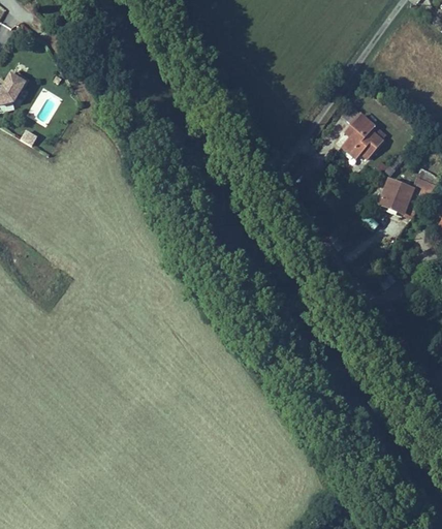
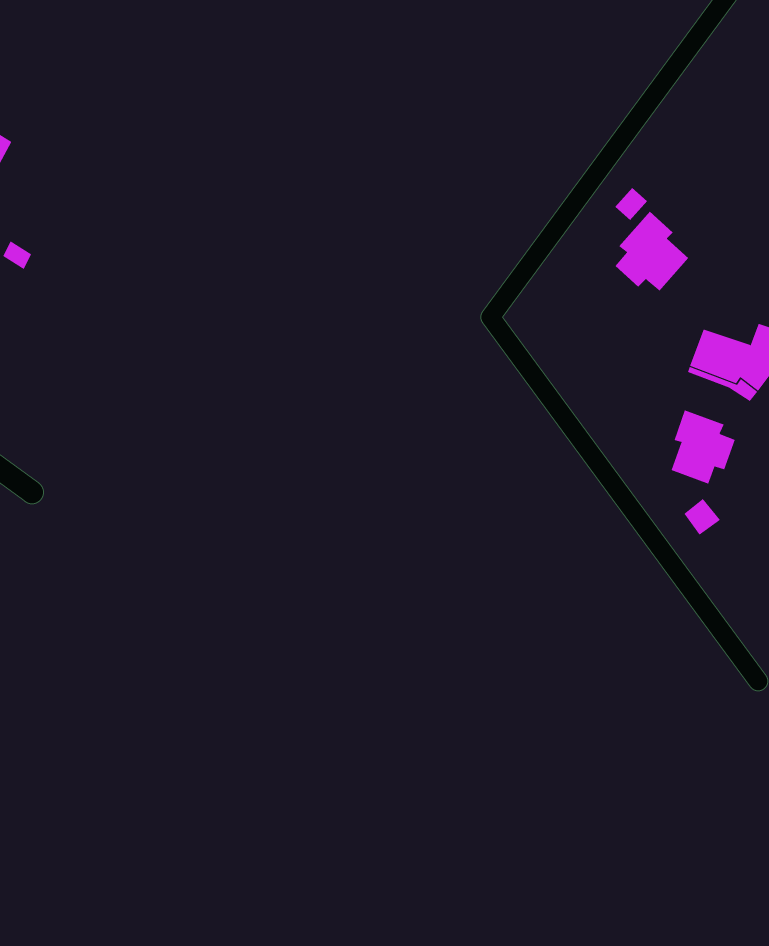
building: none -> [671,410,735,484]

